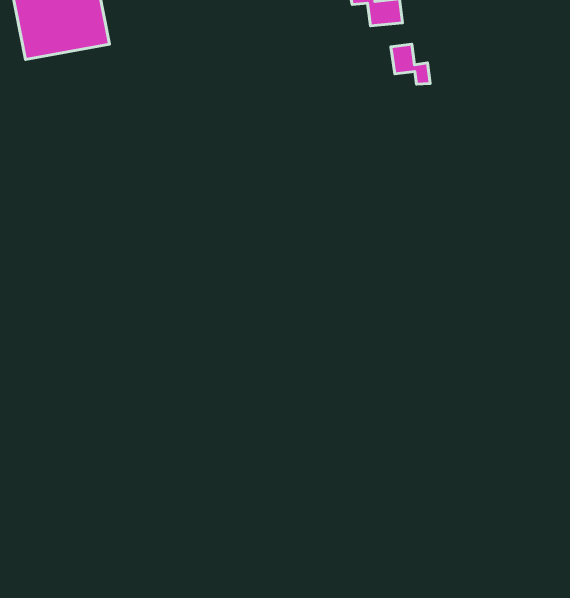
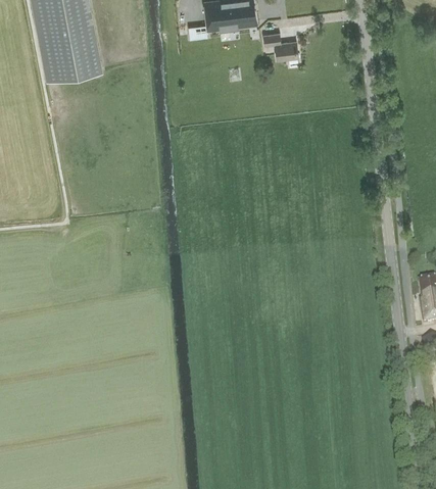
building: [391,44,430,84] -> none

